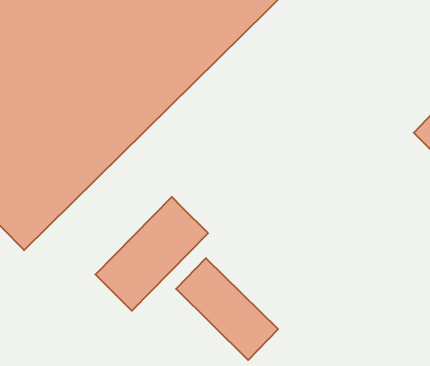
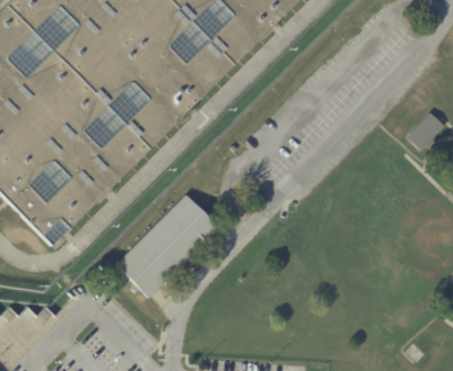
building: [176,258,278,360] -> none

